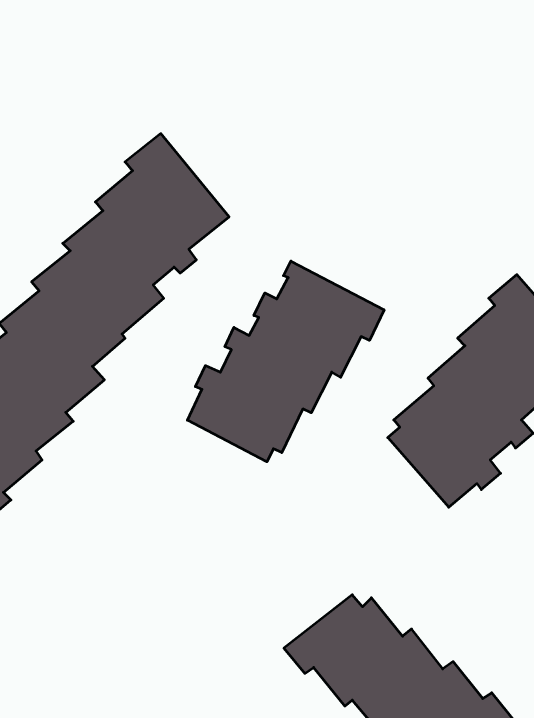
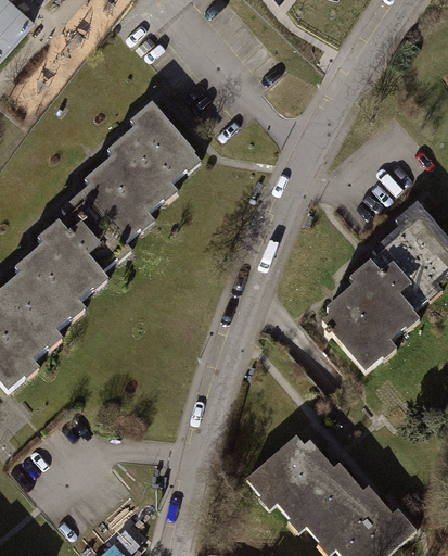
building: [187,261,384,462] -> none

